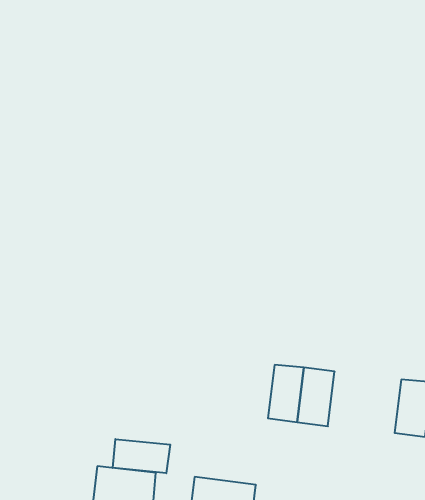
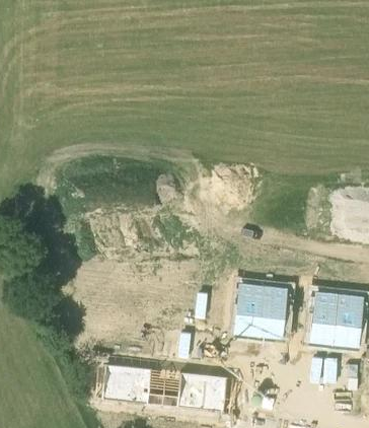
building: none -> [311,295,339,339]
building: [113,439,170,473] -> none

